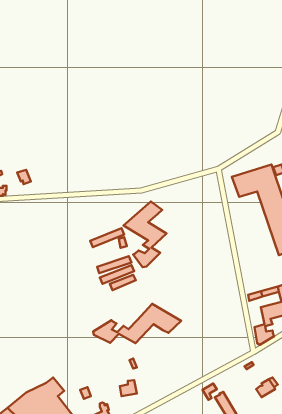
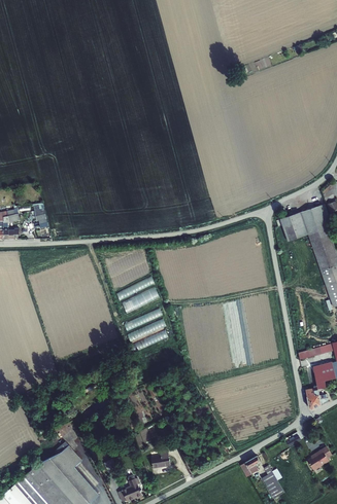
building: [123,202,166,267] -> none
building: [93,304,181,343] -> none

